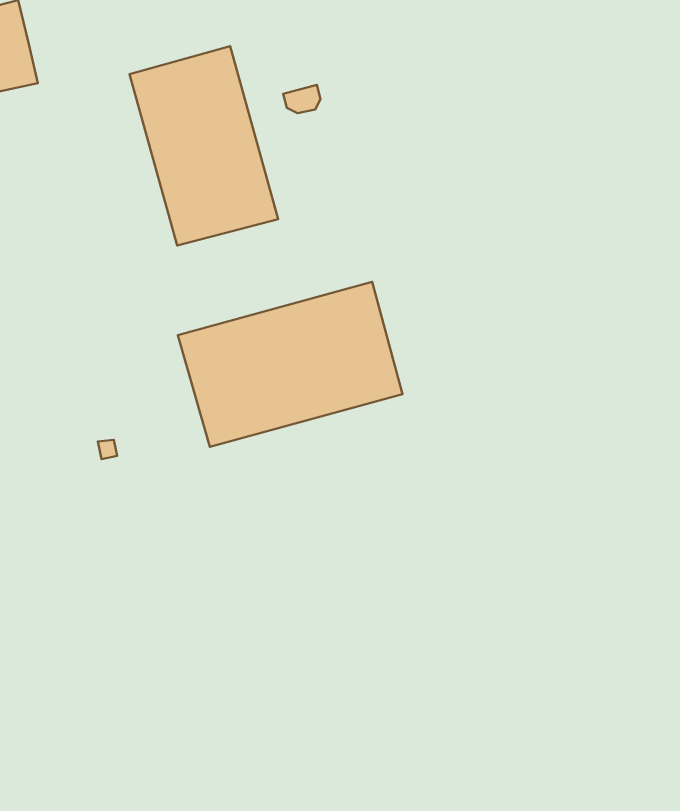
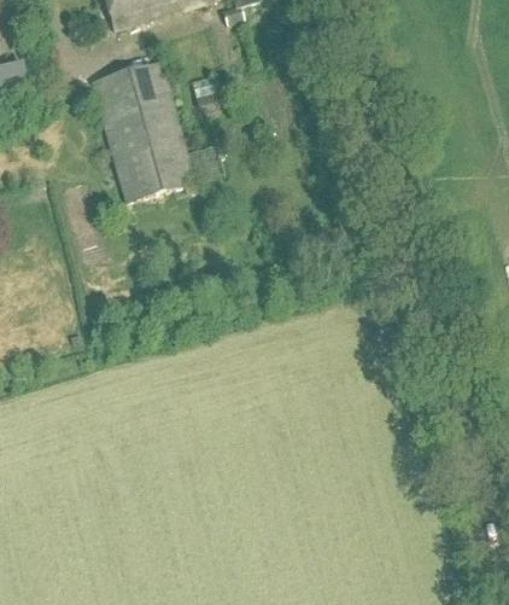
building: [178,282,403,447] -> none

